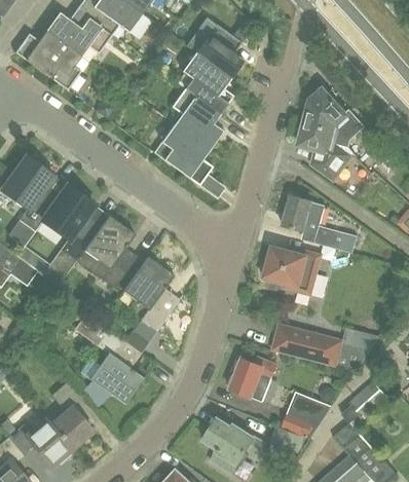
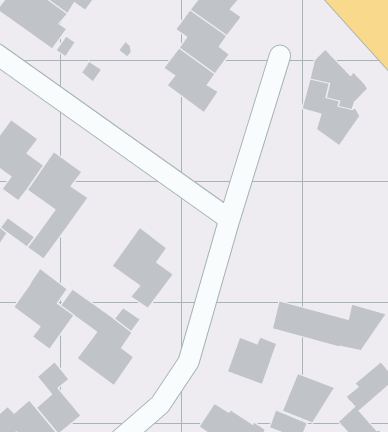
building: [152,122,211,184] -> none
building: [282,196,356,252] -> none
building: [83,214,140,290] -> [14,268,74,350]
building: [261,247,321,295] -> none

